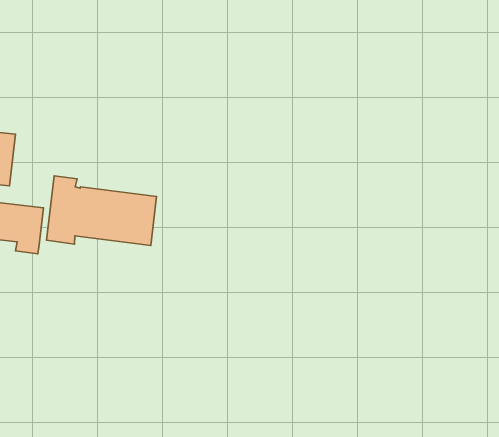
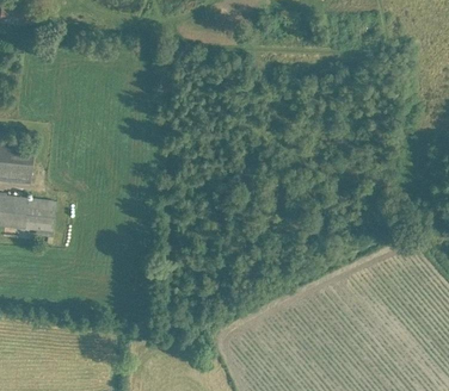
building: [47,176,156,246] -> none

